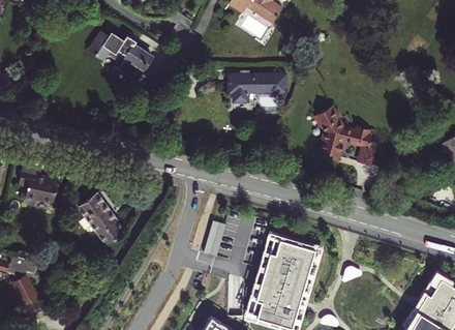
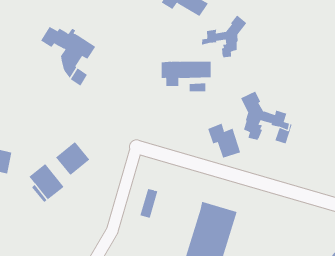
building: none -> [202,14,247,58]
building: none -> [208,123,241,158]
building: none -> [55,141,90,176]

